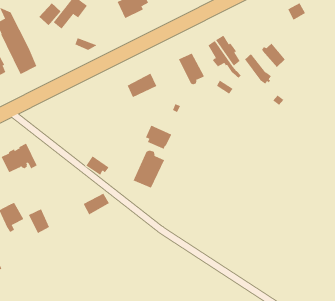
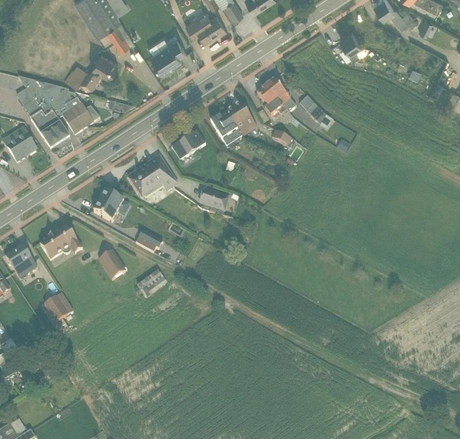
building: none -> [32,79,92,133]
building: [262,43,286,68] -> none
building: none -> [209,110,242,146]
building: none -> [127,154,176,198]
building: none -> [93,189,128,220]
building: [133,150,165,188] -> none
building: [28,208,50,234] -> [98,249,124,278]

